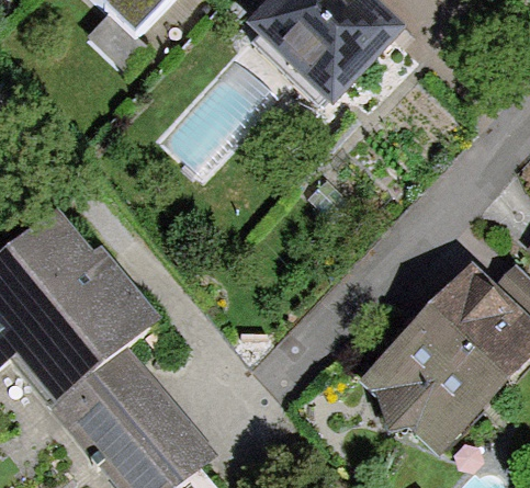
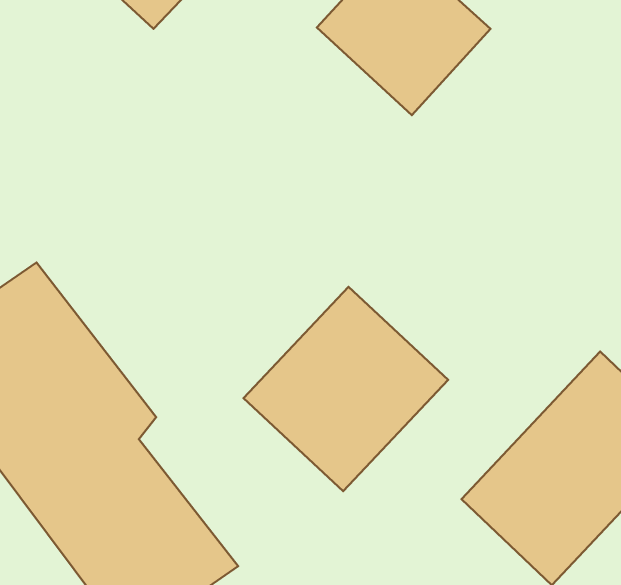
building: none -> [244,287,448,491]

